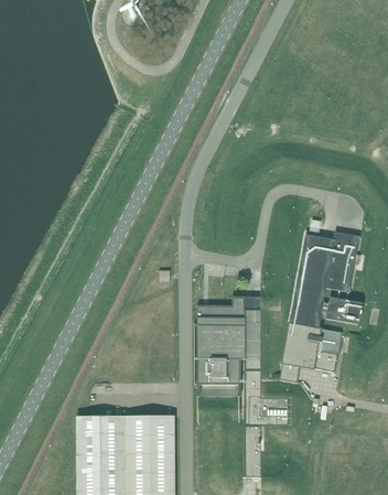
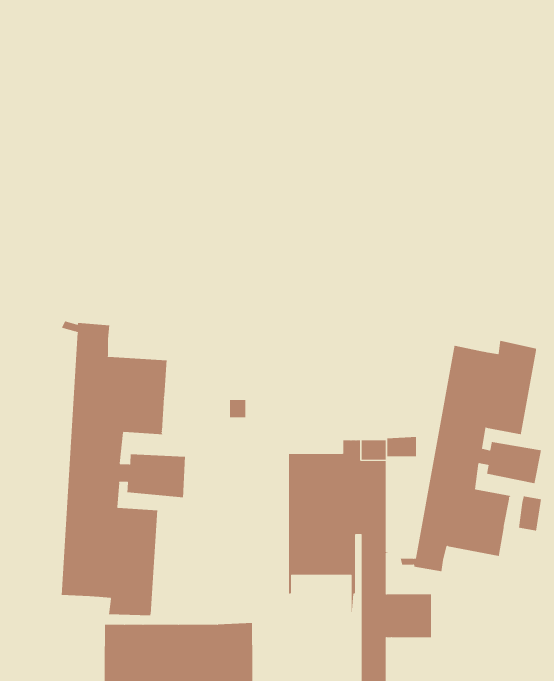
building: none -> [61,321,185,616]

